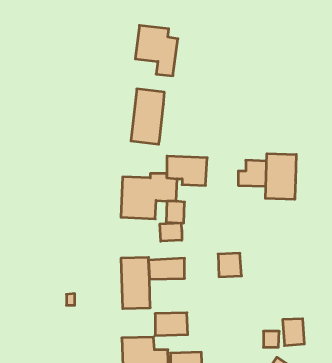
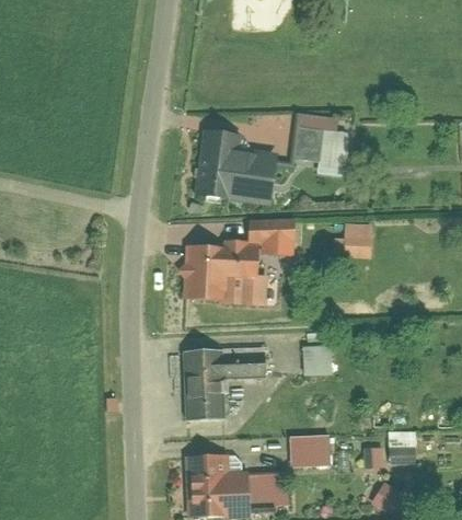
building: [135,25,178,76] -> [291,113,347,178]
building: none -> [233,150,274,201]
building: [265,154,296,199] -> none
building: [160,223,182,241] -> none
building: [155,313,188,335] -> [290,437,333,466]

